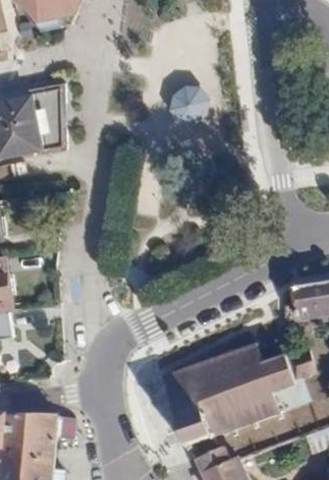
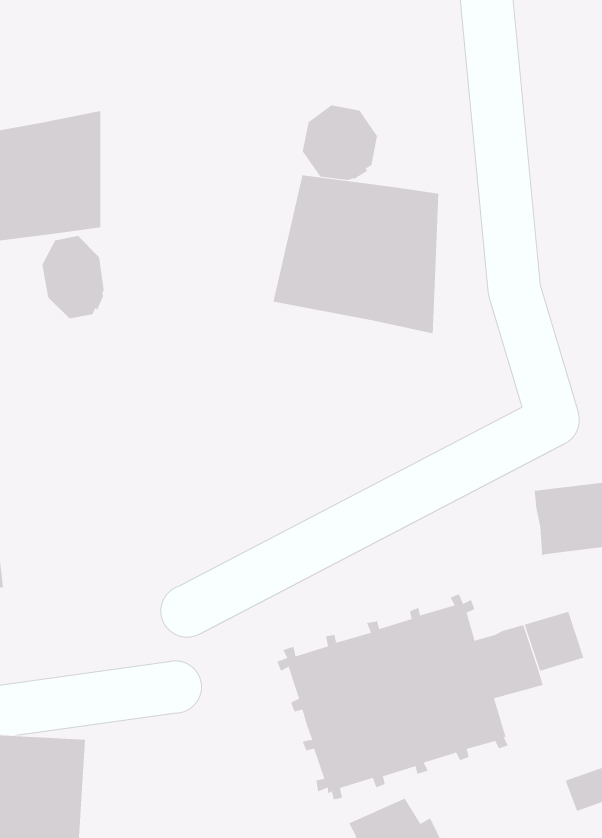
building: none -> [273,175,439,334]
building: none -> [42,235,104,319]

